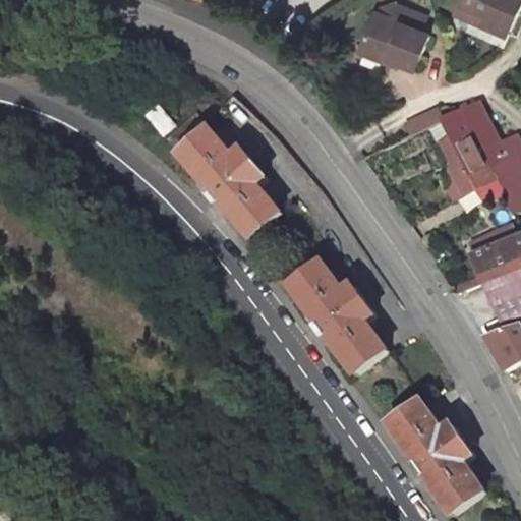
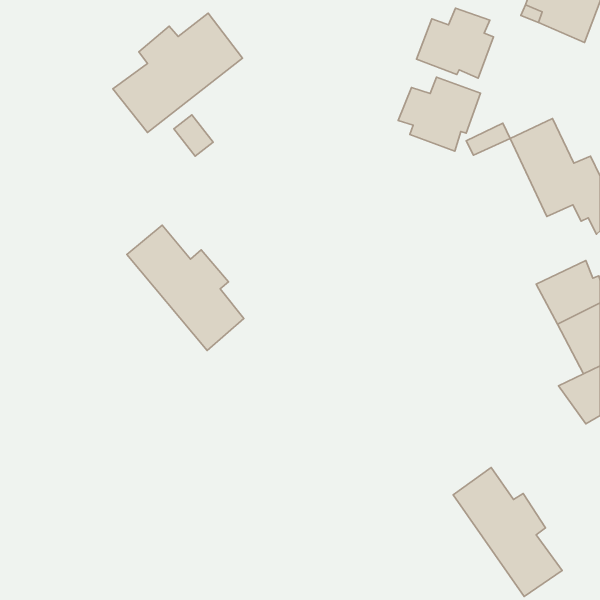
building: none -> [113,13,242,132]
building: none -> [398,77,481,151]
building: [182,132,283,240] -> [127,225,244,350]
building: [289,263,388,378] -> none

